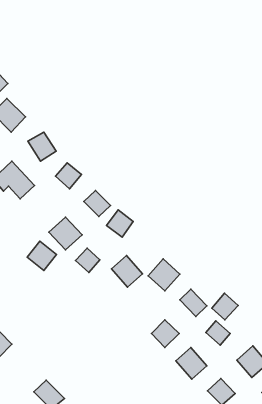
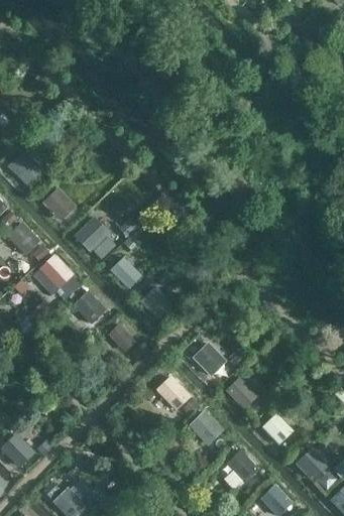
building: [27,241,57,271] -> [39,262,75,297]
building: [112,255,142,287] -> [152,379,190,417]
building: [212,293,238,320] -> none

